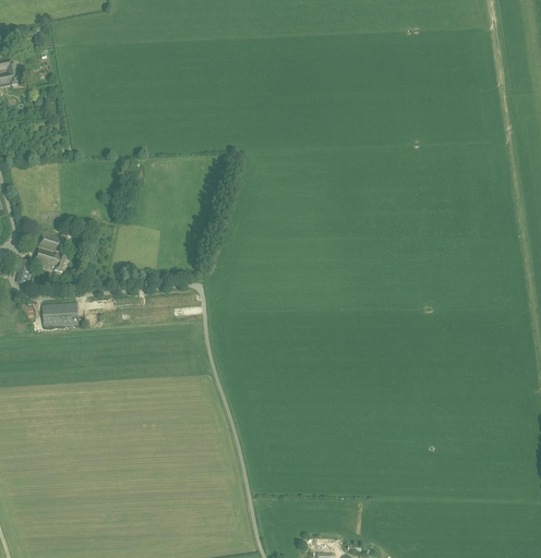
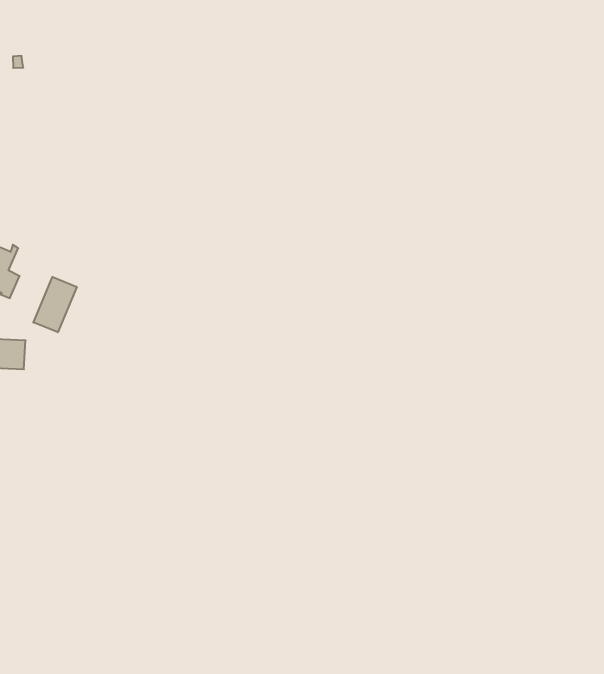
building: none -> [33,277,77,332]

